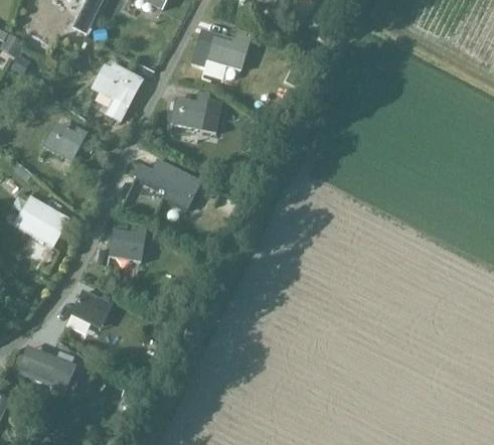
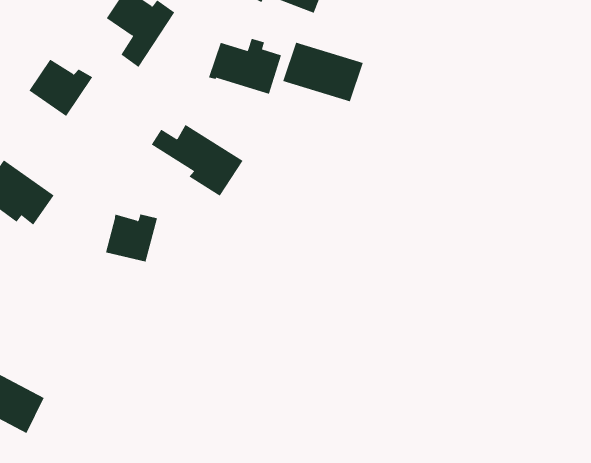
building: none -> [283,42,364,102]
building: [71,289,113,326] -> none

